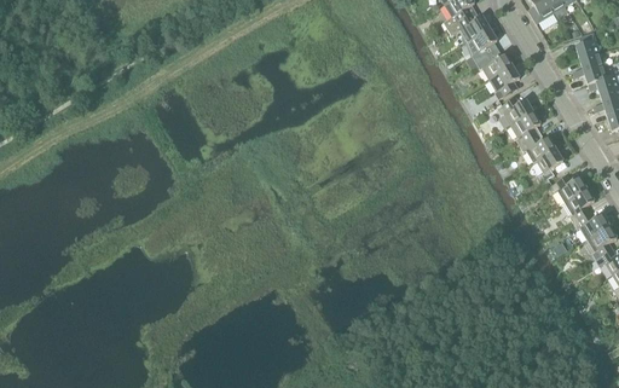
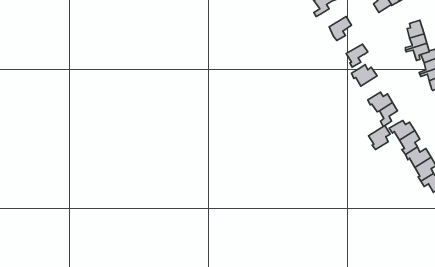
building: [449,16,491,42] -> none
building: [478,53,514,80] -> none
building: [511,111,542,145] -> [369,125,390,149]

